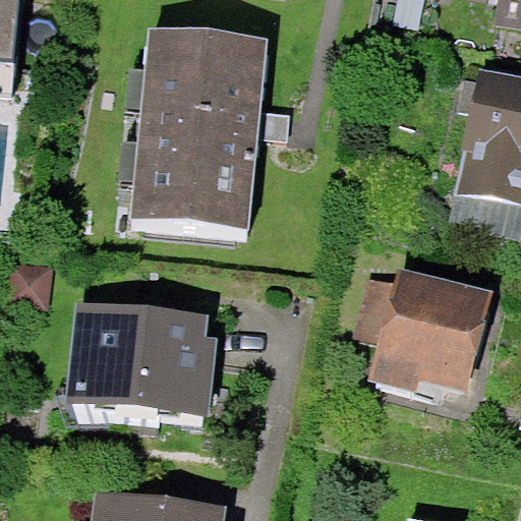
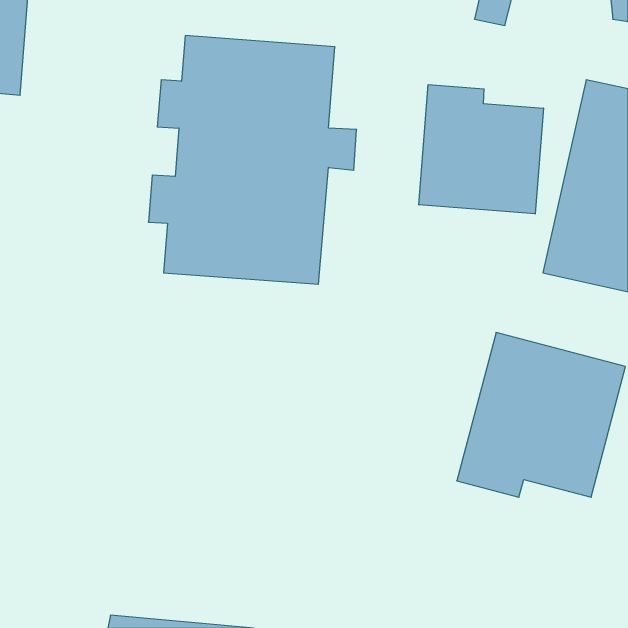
building: none -> [419,85,543,214]
building: [73,308,220,417] -> none

